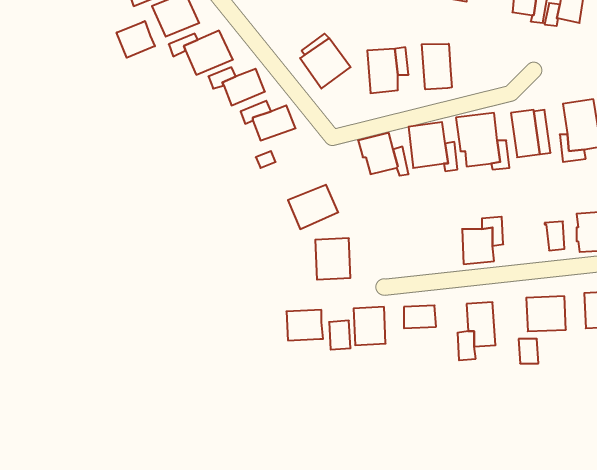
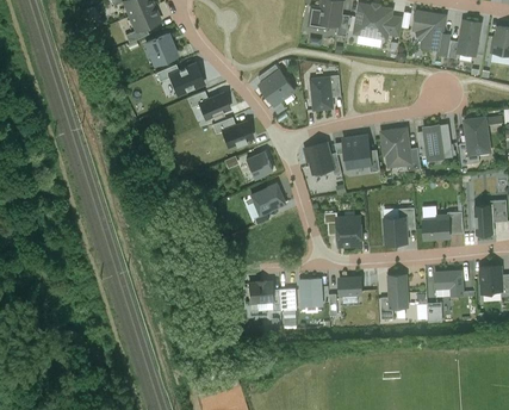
building: [117,21,155,58] -> none
building: [422,44,452,89] -> none
building: none -> [244,150,274,180]
building: none -> [422,213,452,240]
building: [315,238,350,280] -> [336,215,364,247]

